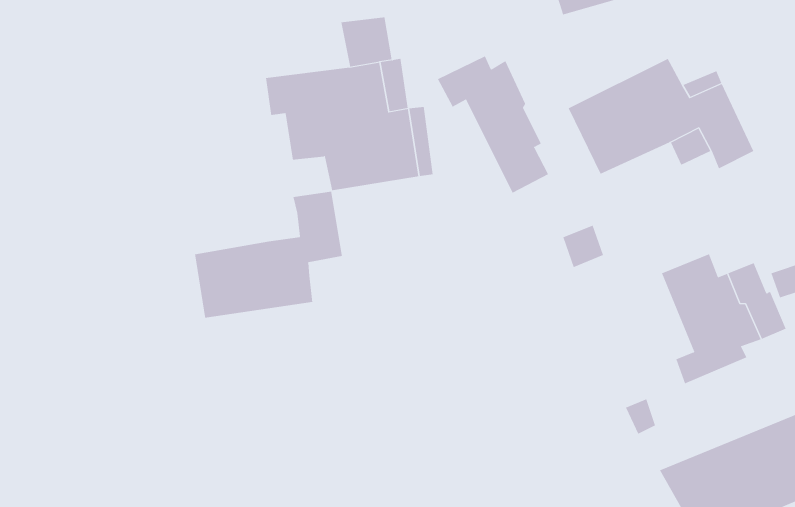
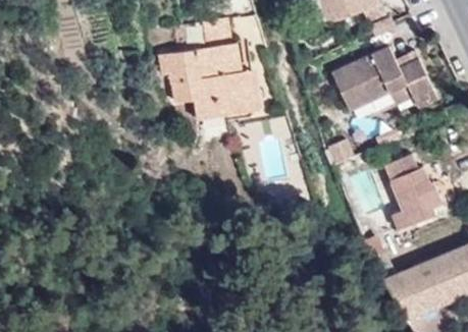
building: [437,55,549,193] -> none
building: [195,191,343,318] -> none

